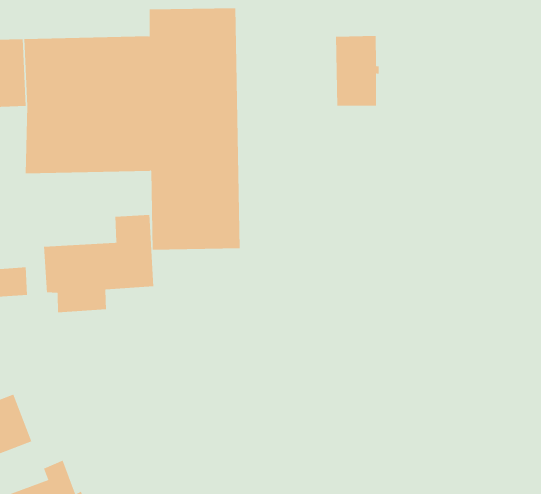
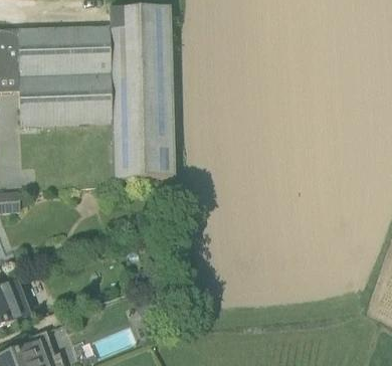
building: [336,35,379,106] -> none
building: [43,214,154,313] -> none

